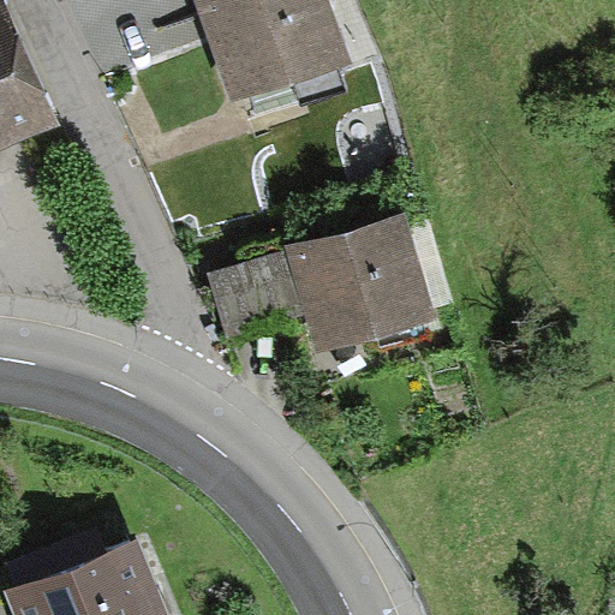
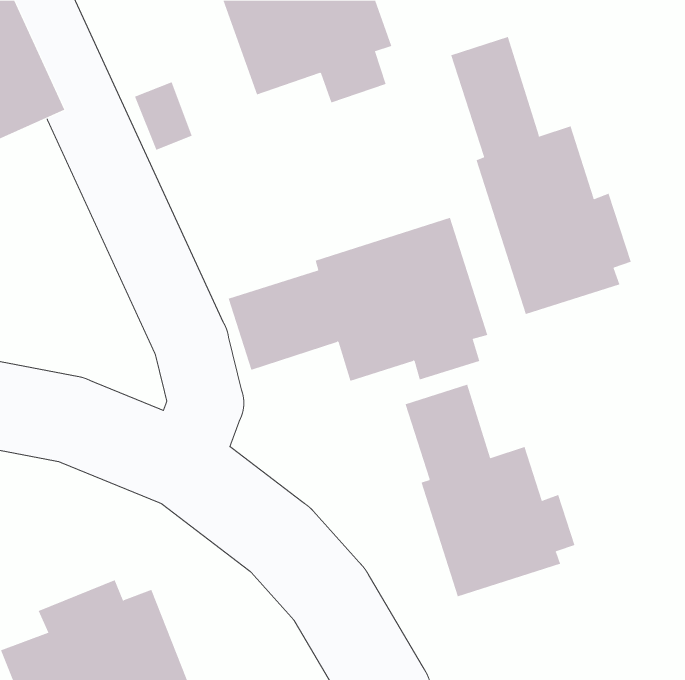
building: none -> [451,36,632,315]
building: none -> [405,384,575,597]

